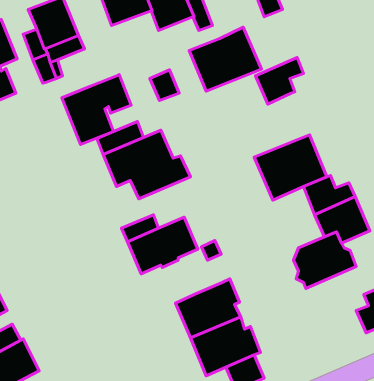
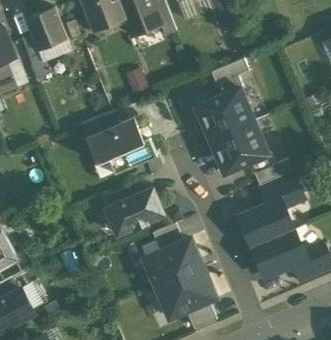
building: [189,27,262,91] -> [197,87,256,139]
building: [62,74,131,144] -> none
building: none -> [154,224,185,252]
building: none -> [253,229,304,274]

